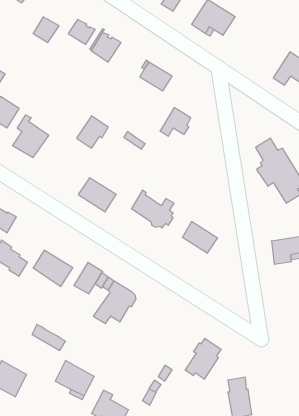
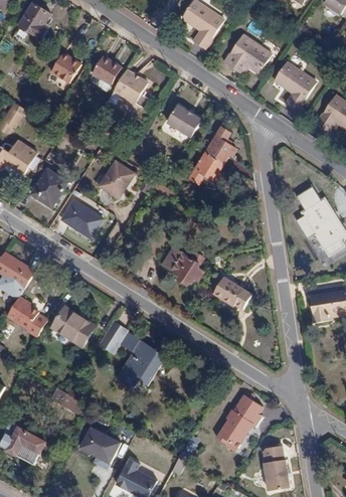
building: none -> [274,61,316,110]
building: none -> [205,127,236,163]
building: [78,178,116,212] -> [61,200,103,237]

